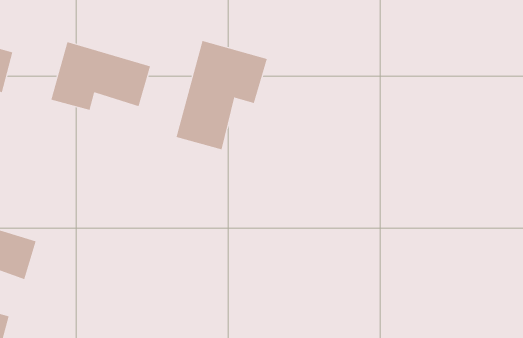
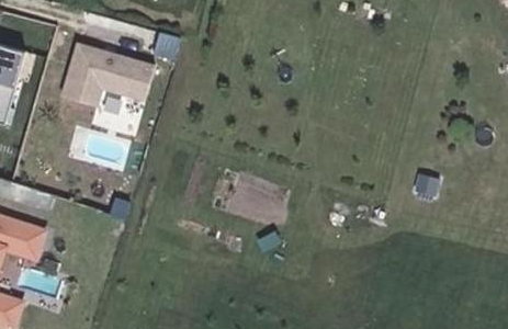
building: [176,40,267,150] -> none

